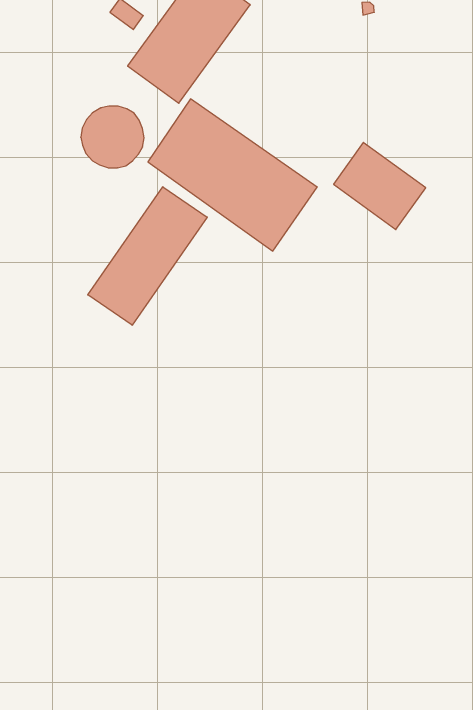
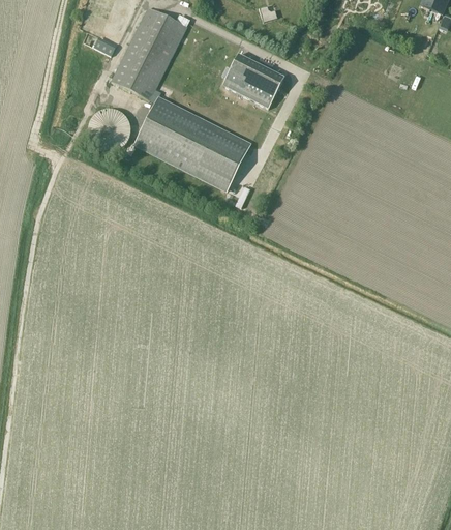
building: [334,142,426,230] -> [221,54,283,109]
building: [88,187,207,325] -> none

